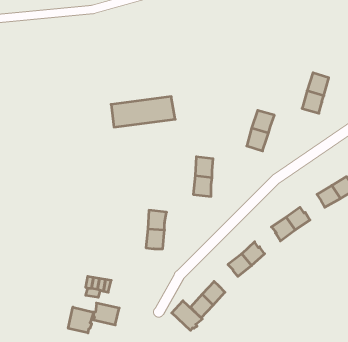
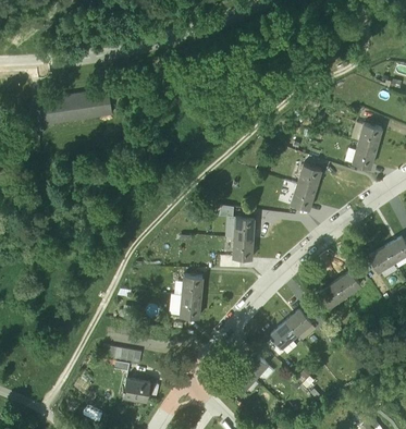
building: [111,97,175,127] -> [41,88,112,122]
building: [172,301,202,330] -> none
building: [68,307,93,333] -> none

